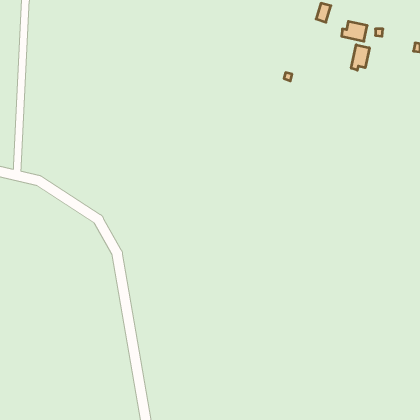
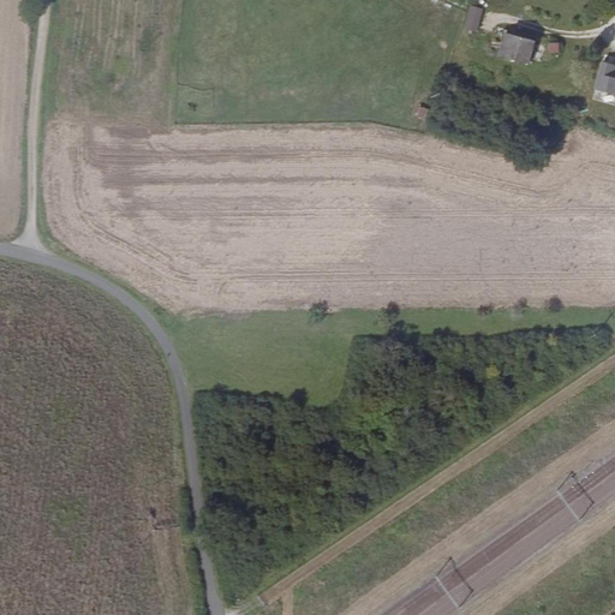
building: [351,45,369,70] -> none

